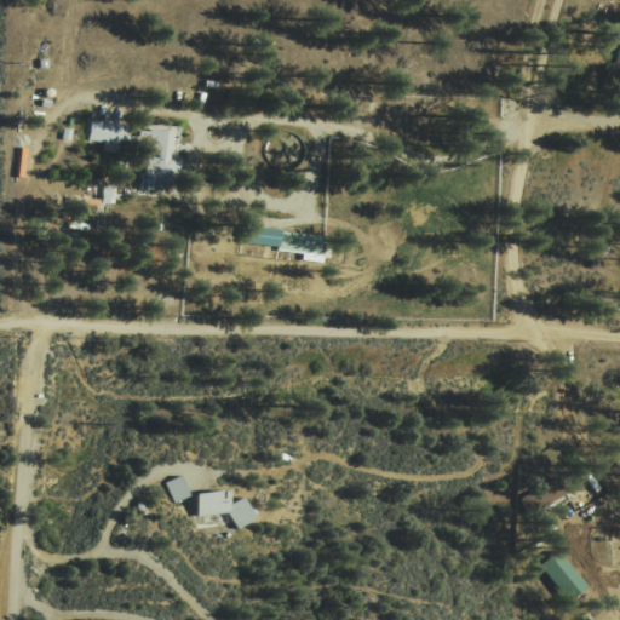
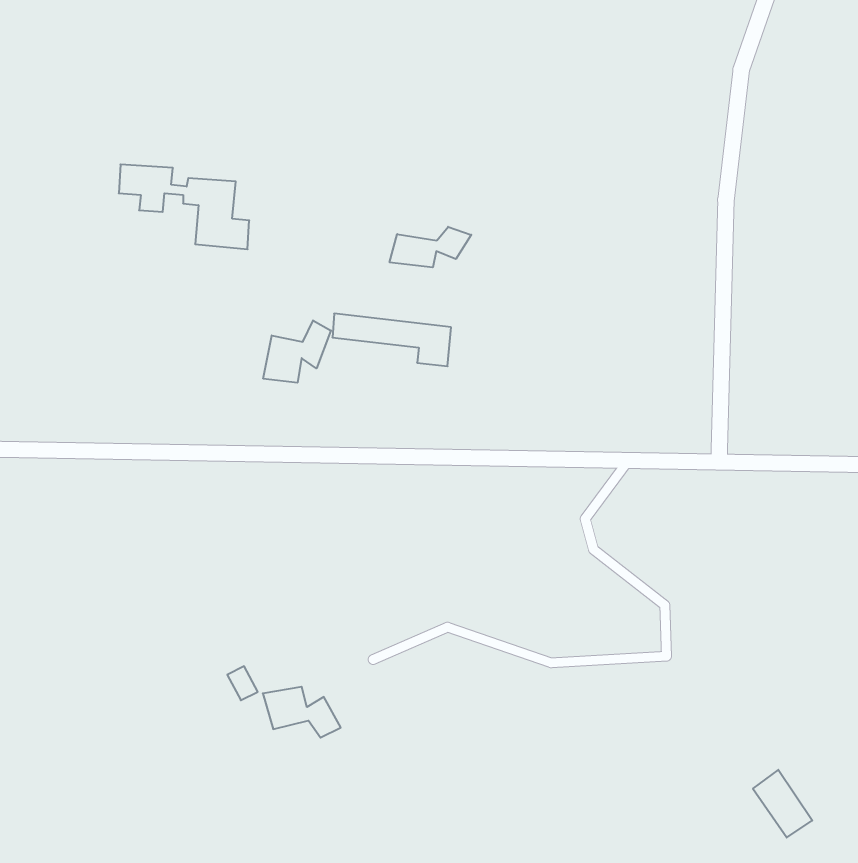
building: none -> [390,227,471,267]
building: none -> [263,320,331,383]

